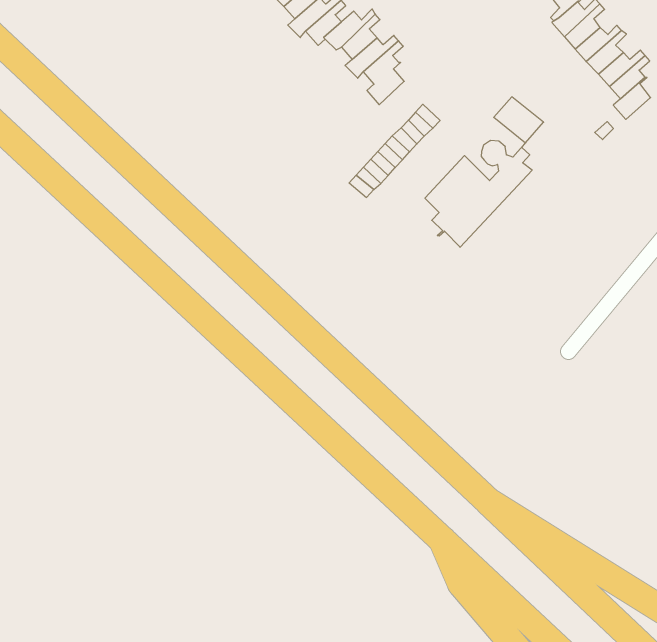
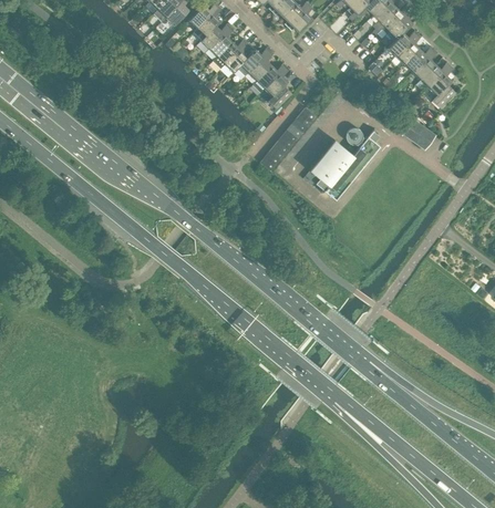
building: [494,97,544,143] -> [402,118,435,148]

